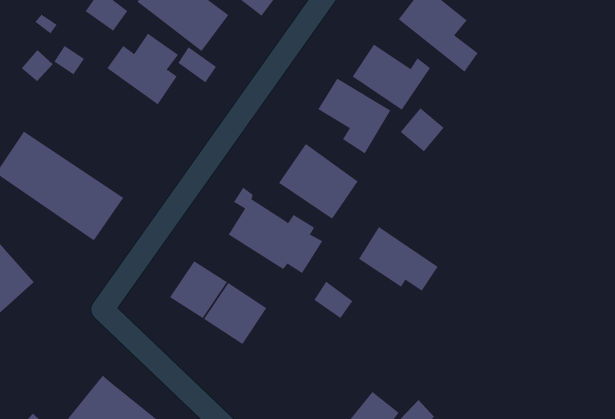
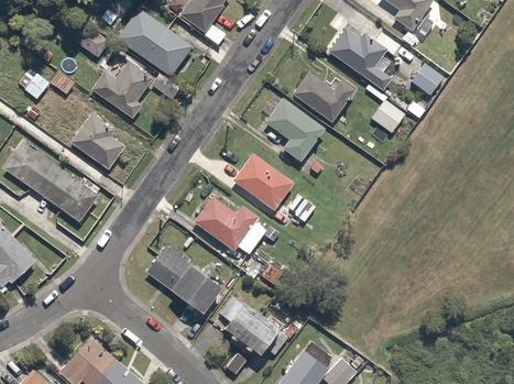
building: none -> [411,63,445,97]
building: none -> [67,110,130,171]
building: [400,107,445,152] -> [370,99,406,135]
building: [358,226,438,291] -> [226,303,291,355]

